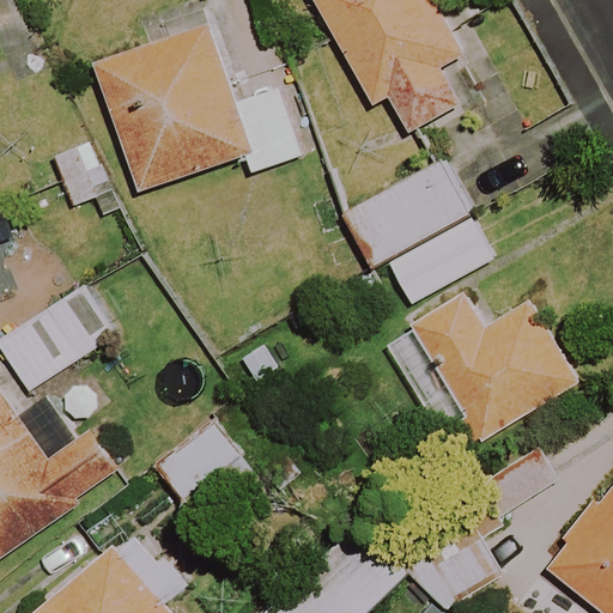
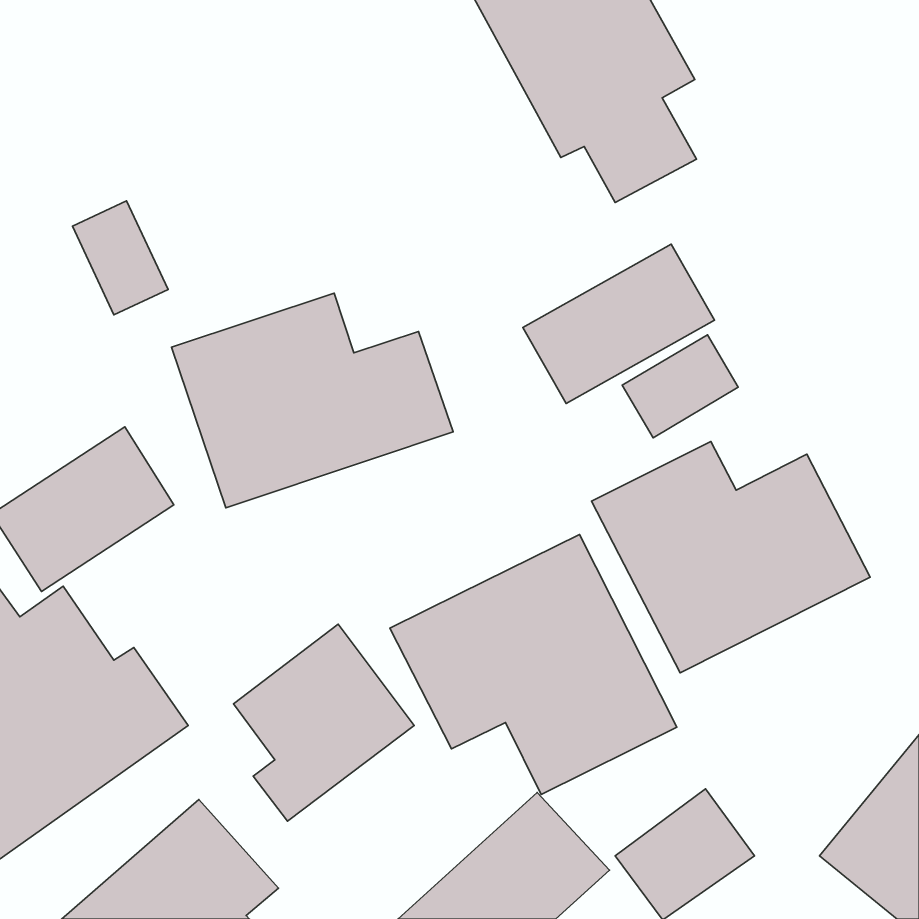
building: [95,25,302,192] -> none
building: none -> [171,293,453,508]
building: none -> [390,534,677,794]

